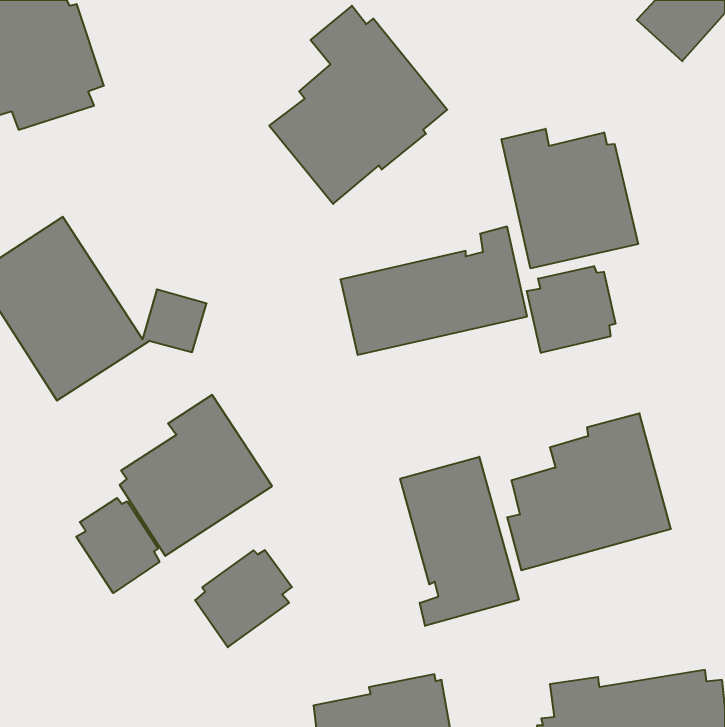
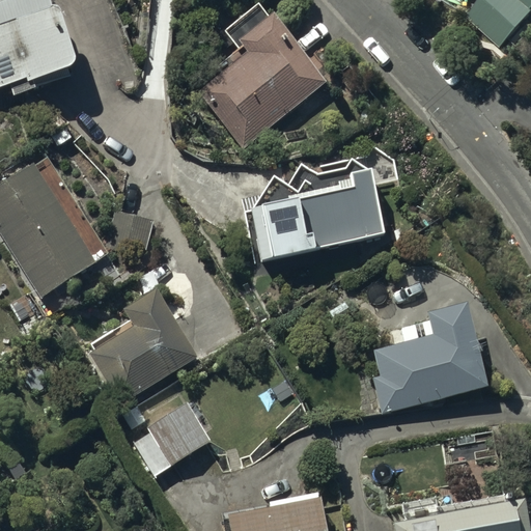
building: [502,129,638,268] -> none
building: [527,266,616,353] -> none
building: [400,457,519,626] -> none
building: [76,498,159,593] -> none

